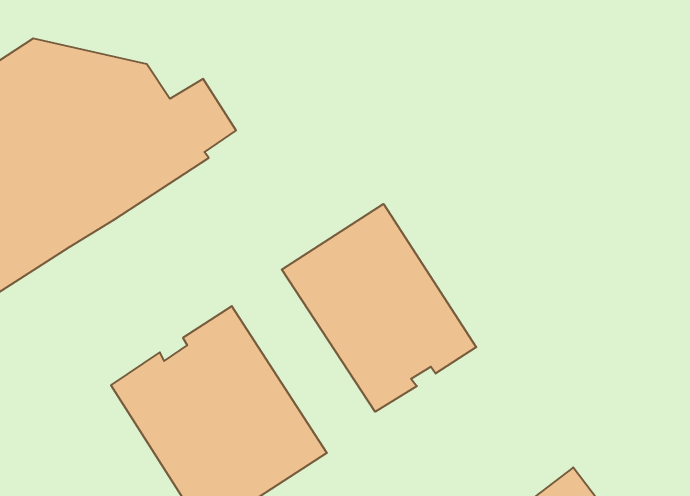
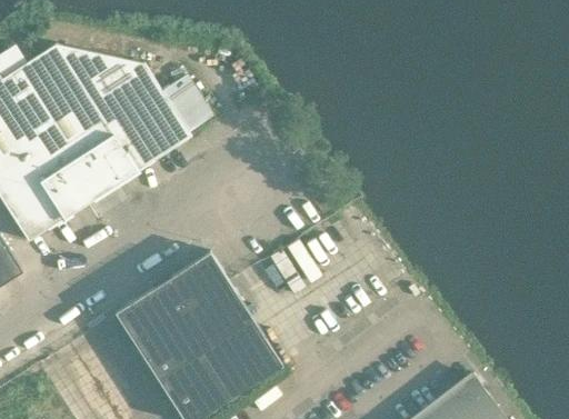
building: [282,204,476,412] -> none

